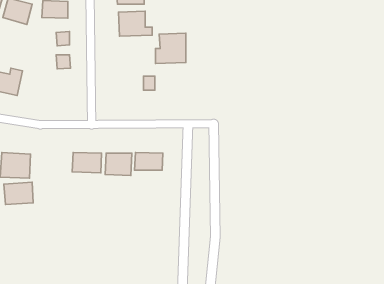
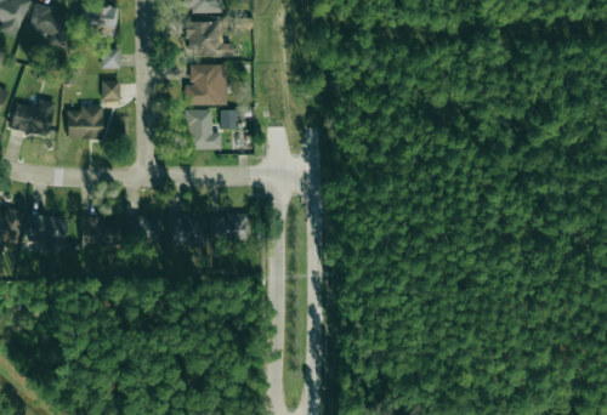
building: [156,33,186,63] -> [186,64,227,106]
building: none -> [68,108,103,140]
building: none -> [187,110,221,149]
building: [4,182,33,204] -> [80,216,120,246]

